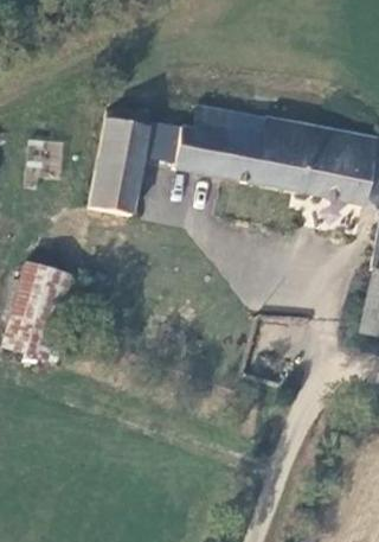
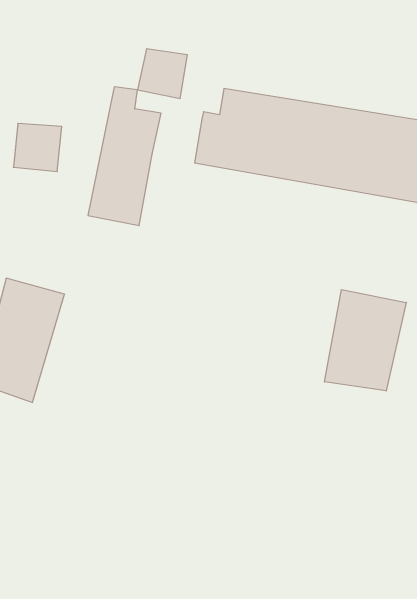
building: [143,127,184,167] -> [138,49,187,99]
building: none -> [325,290,406,391]

